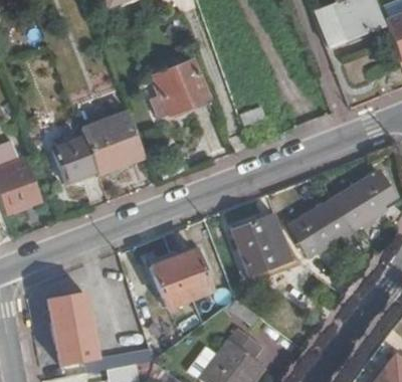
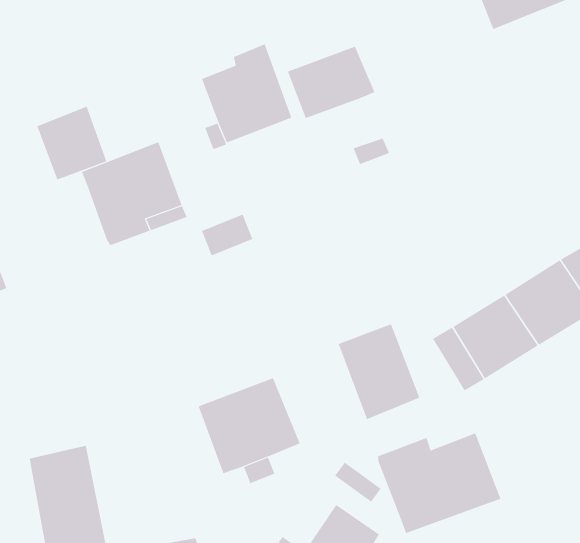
building: none -> [287,46,375,119]
building: [53,137,95,181] -> [36,106,107,180]
building: none -> [378,432,501,534]

